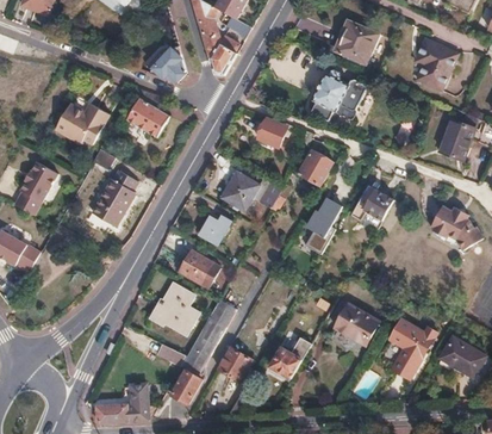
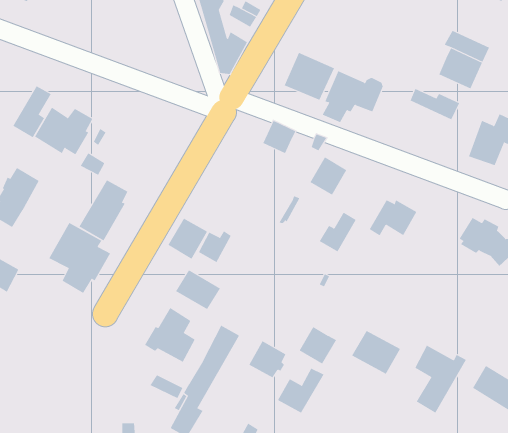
building: [332,20,378,63] -> [284,52,335,100]
building: [151,48,188,85] -> none
building: [129,87,170,136] -> none
building: none -> [13,85,51,138]
building: none -> [410,88,460,120]
building: [220,172,256,209] -> [167,218,208,260]
building: none -> [48,222,111,294]
building: none -> [299,326,337,364]
building: [216,347,249,380] -> [249,341,286,378]

